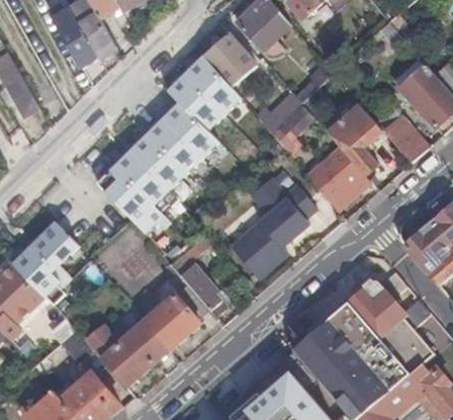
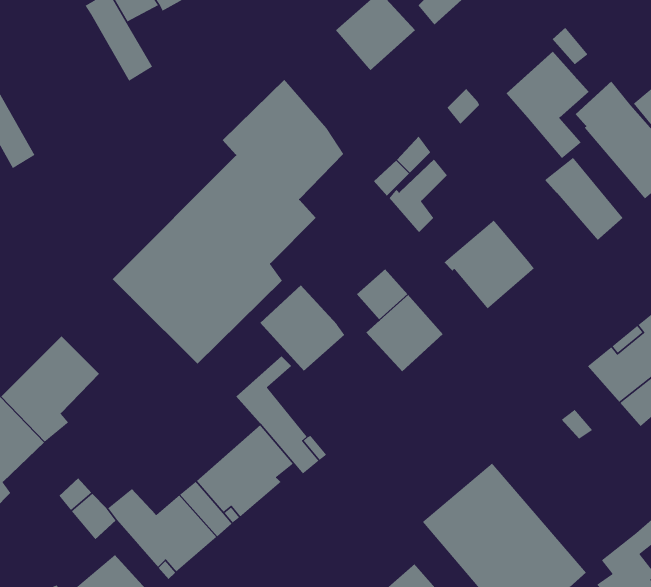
building: [56,11,99,66] -> none
building: [202,32,256,86] -> none
building: [327,102,382,174] -> [505,51,589,159]
building: [229,222,285,279] -> [259,285,345,372]
building: [340,279,435,381] -> none

